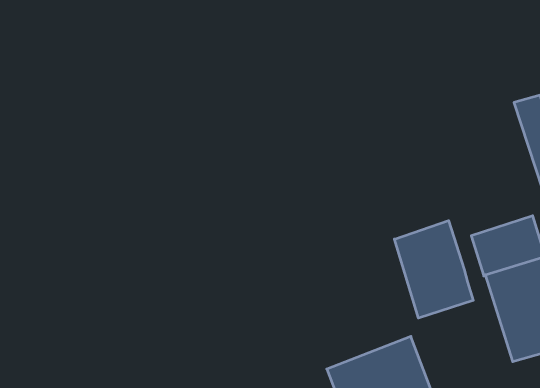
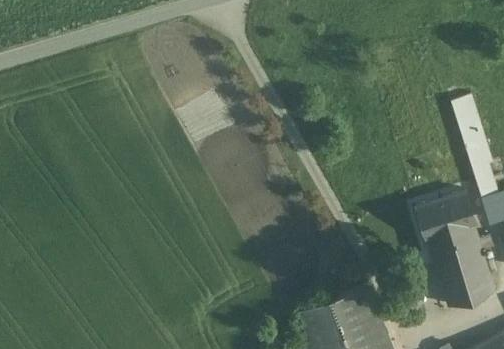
building: [394,221,473,318] -> none

